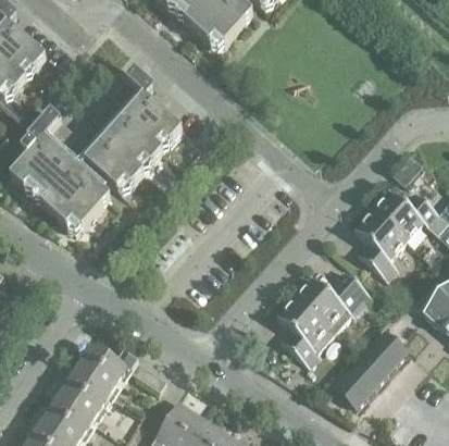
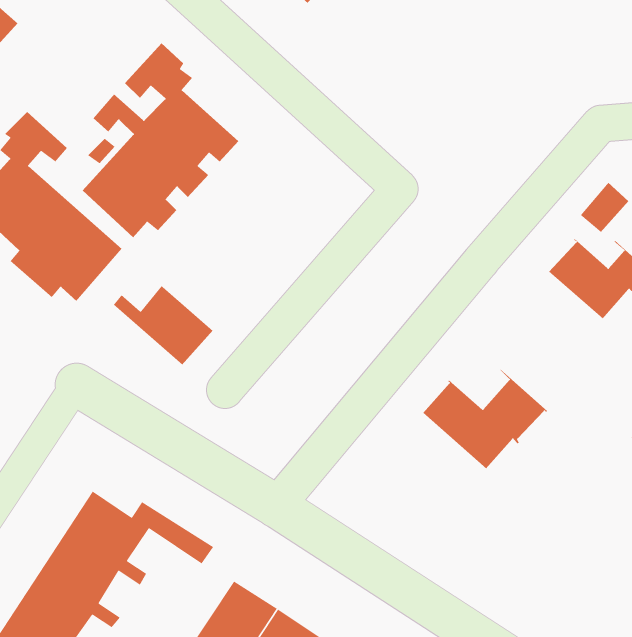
building: none -> [113,270,214,365]
building: [354,209,407,278] -> none
building: [277,296,335,364] -> none
building: [333,329,408,406] -> none

